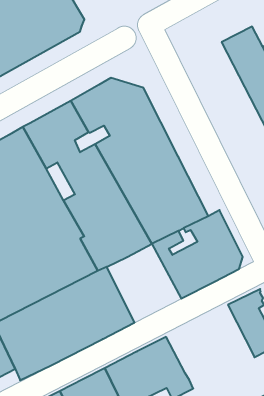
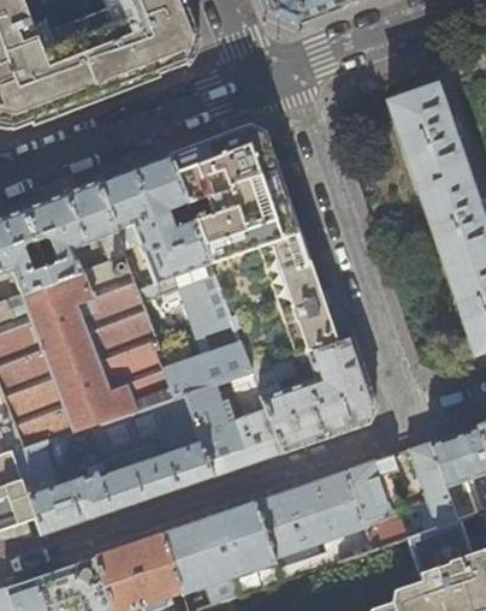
building: none -> [185,370,283,476]
building: none -> [254,470,373,580]

